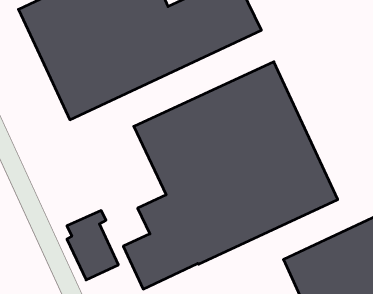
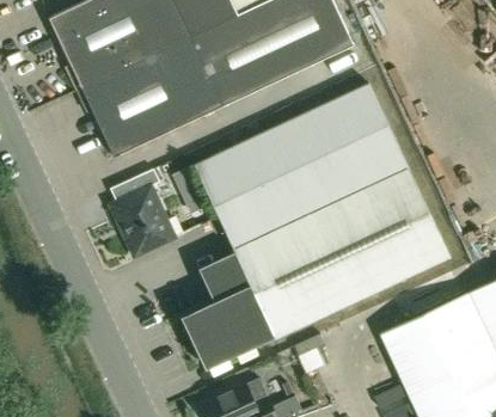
building: [67,211,118,280] -> [110,168,174,256]

